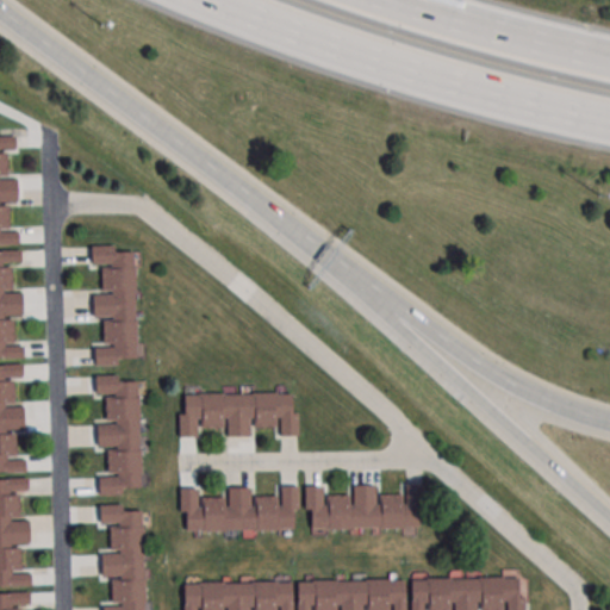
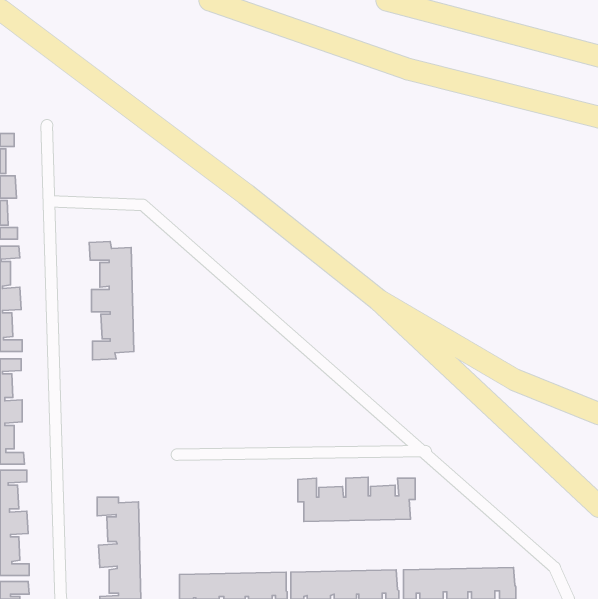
building: [97,375,142,494] -> none
building: [178,392,298,438] -> none
building: [179,487,299,531] -> none

